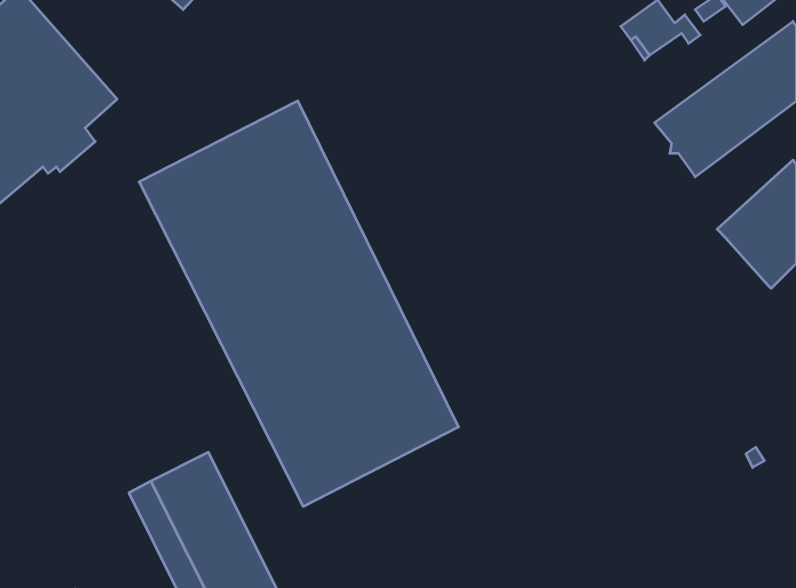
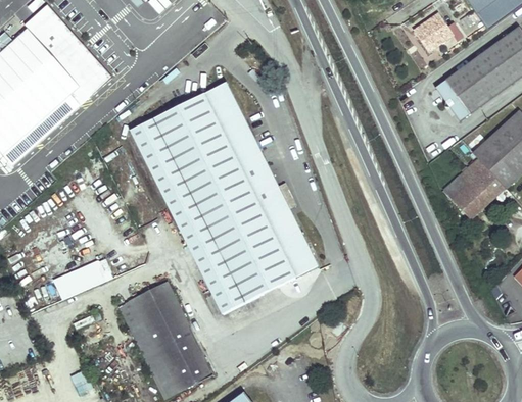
building: none -> [444,156,505,217]
building: none -> [53,255,114,297]

